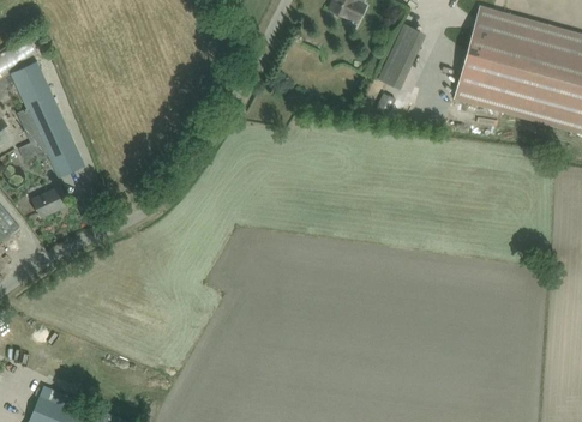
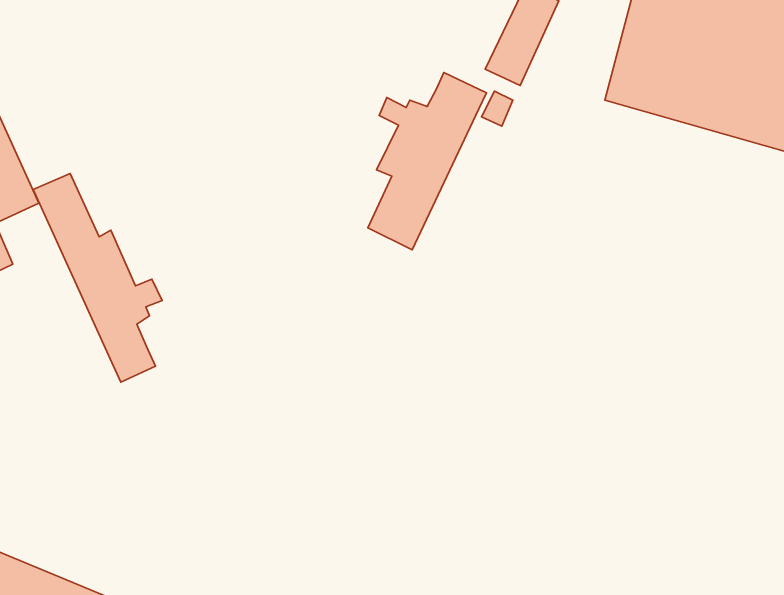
building: none -> [368,73,486,250]
building: none -> [33,174,162,382]

